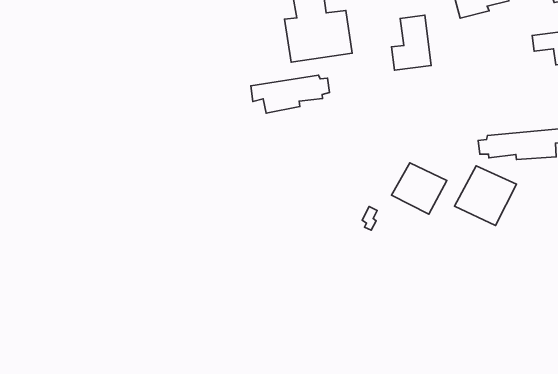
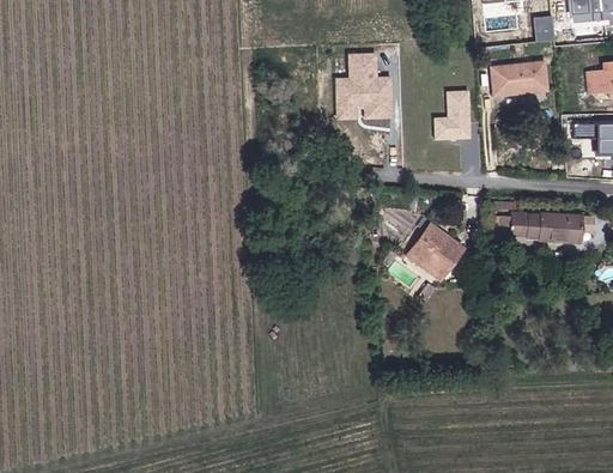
building: [251,75,329,113] -> none
building: [454,166,517,226] -> none

